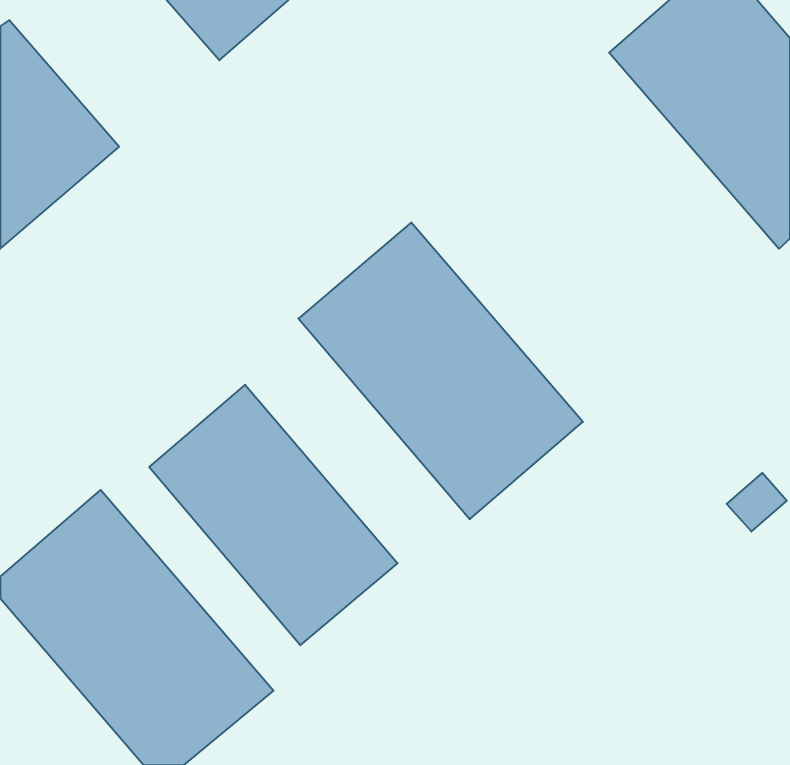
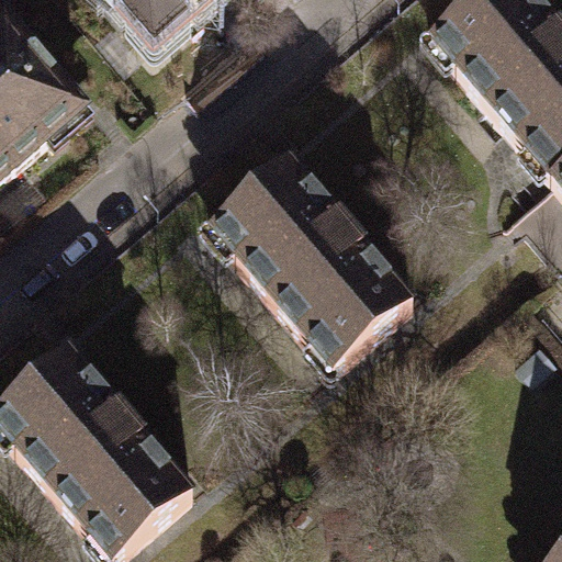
building: [149,385,398,645] -> none

